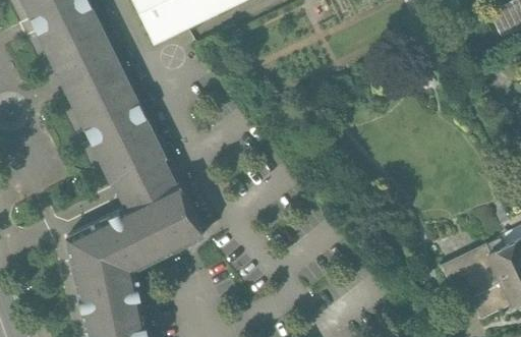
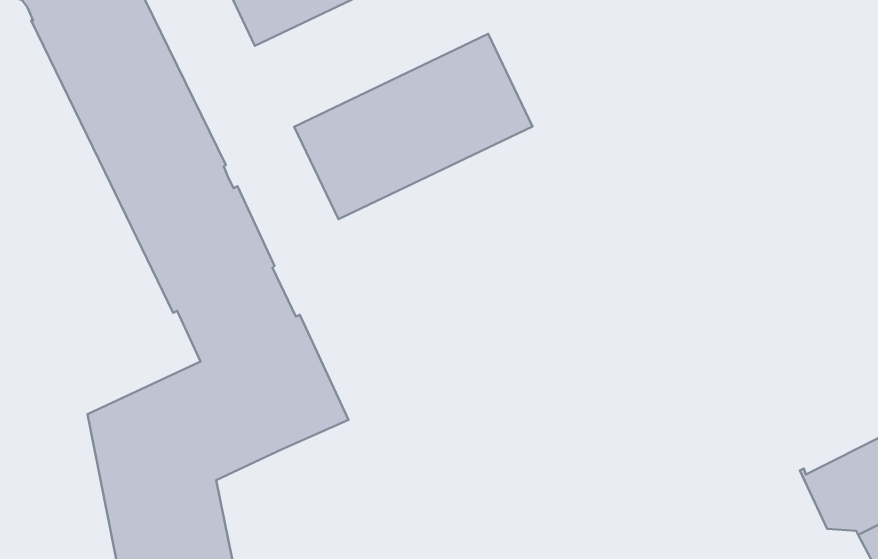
building: none -> [294,34,533,219]

